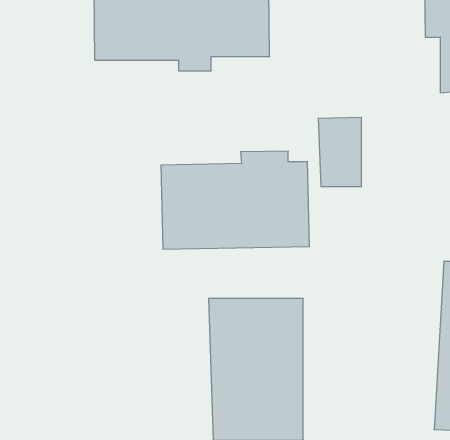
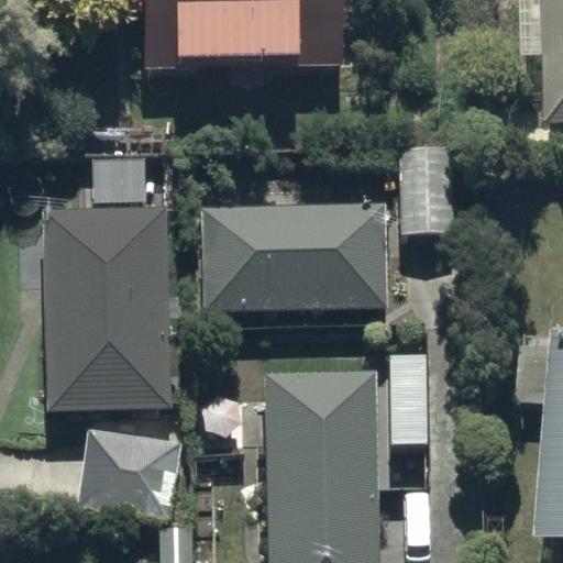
building: none -> [45,209,167,410]
building: none -> [78,431,181,516]

